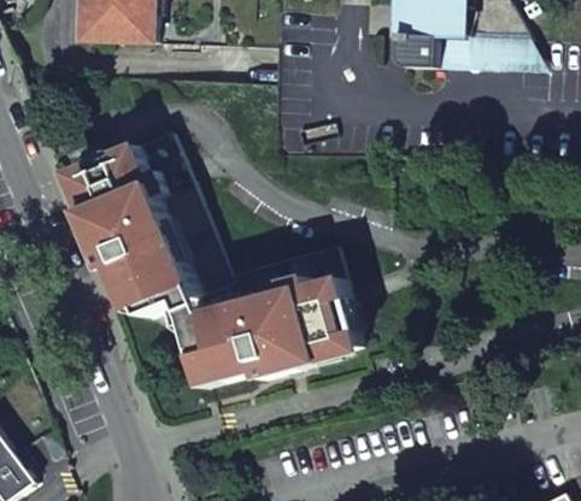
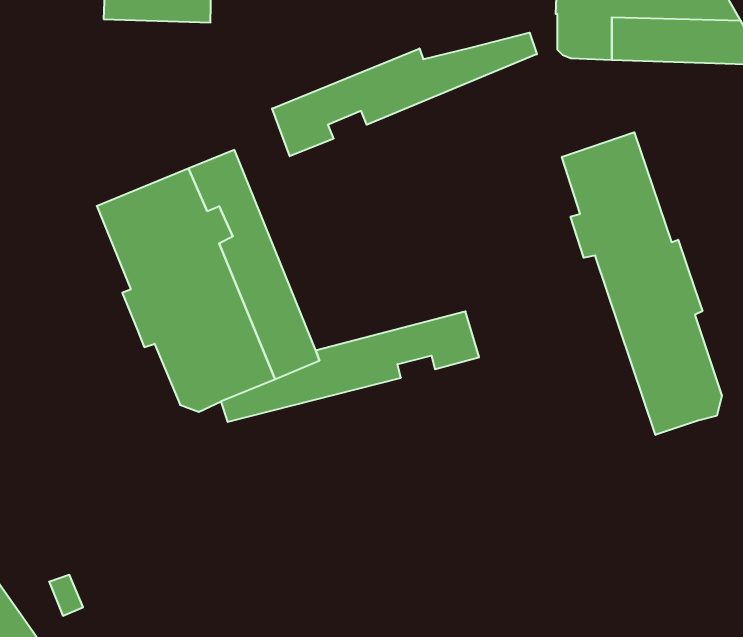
building: none -> [272,33,537,156]
building: none -> [562,132,722,435]
building: [164,278,359,388] -> none

